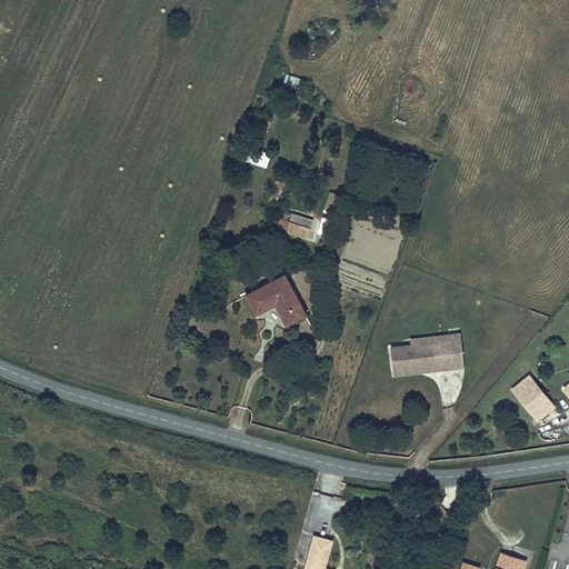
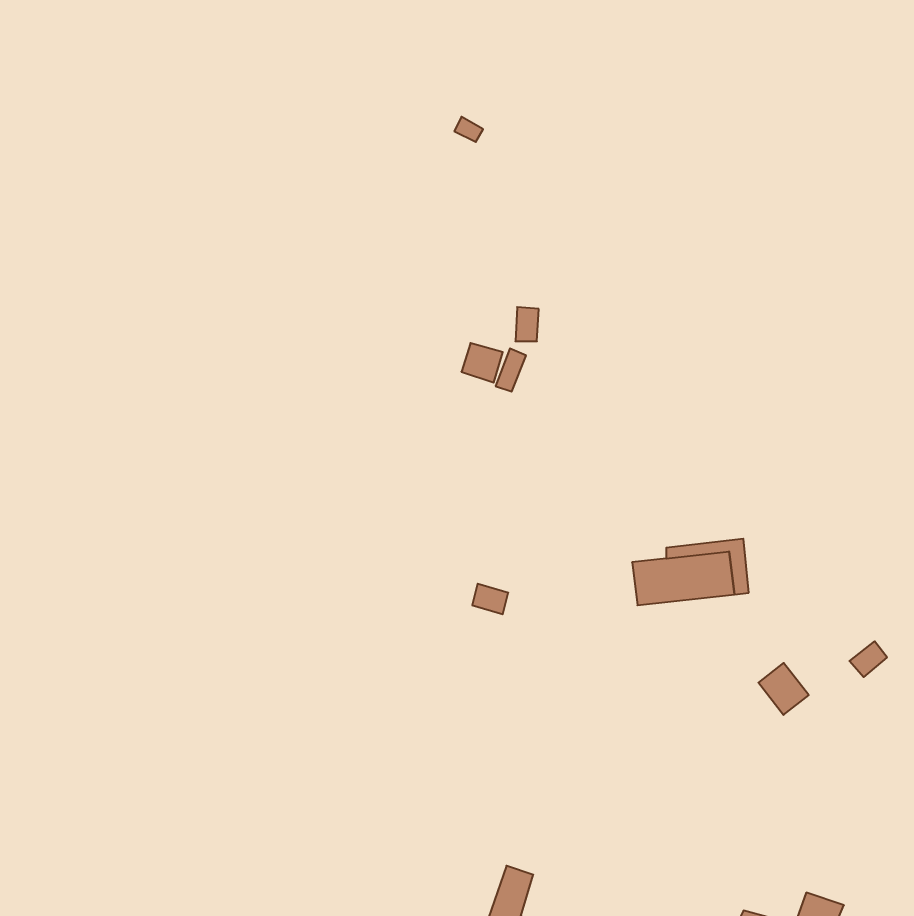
building: [244,276,309,327] -> none
building: [510,378,541,410] -> [758,663,809,715]

